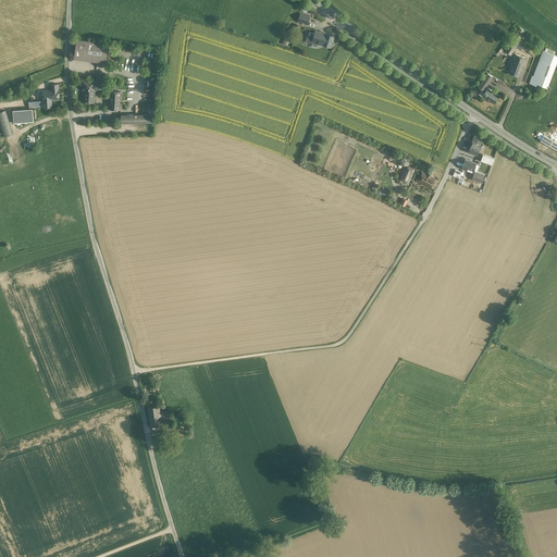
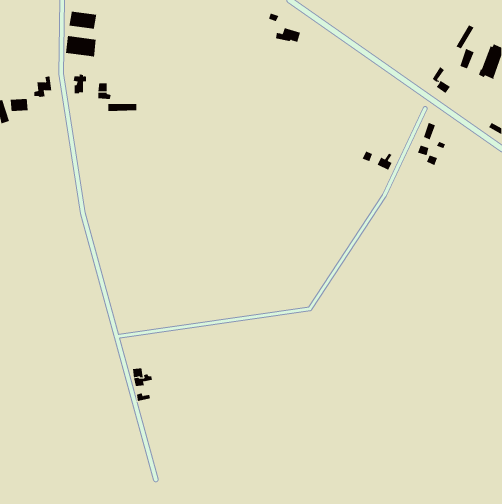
building: none -> [69,11,97,30]

